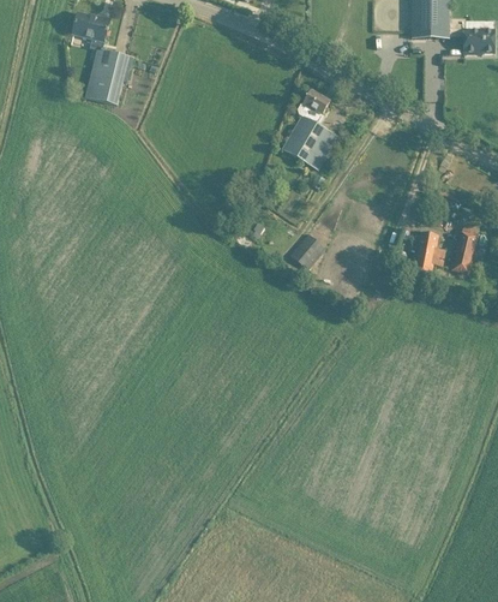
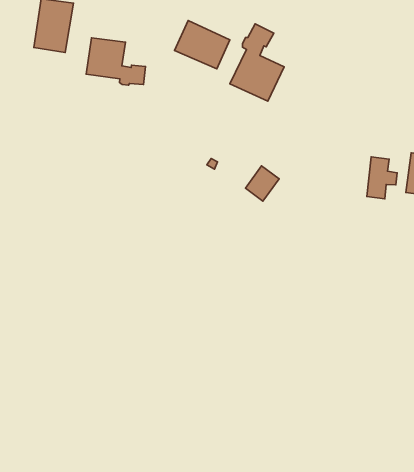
building: none -> [174,21,230,69]
building: none -> [86,38,145,85]

